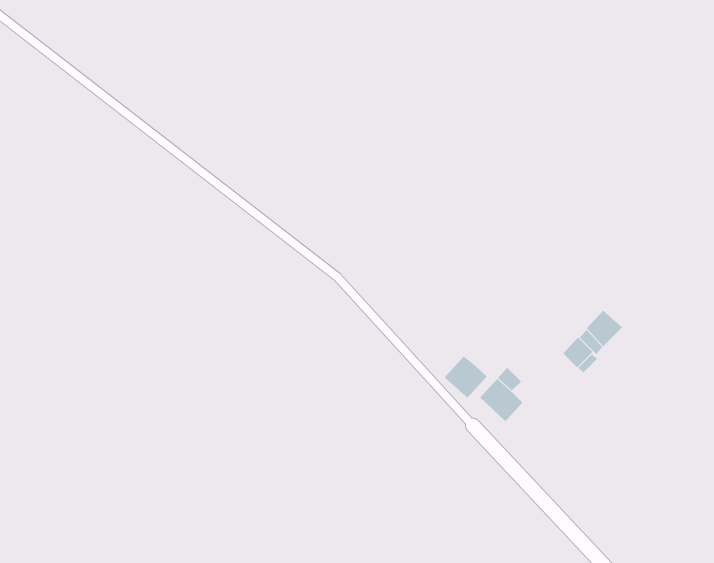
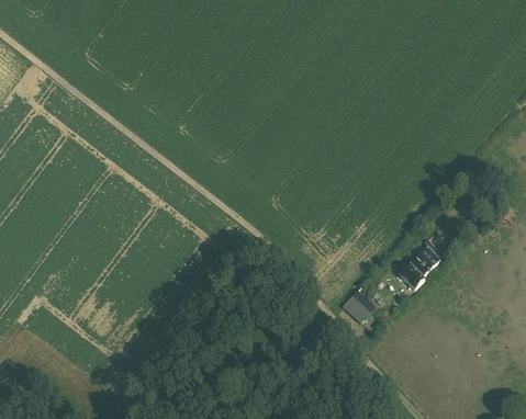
building: [444,356,487,398] -> none

